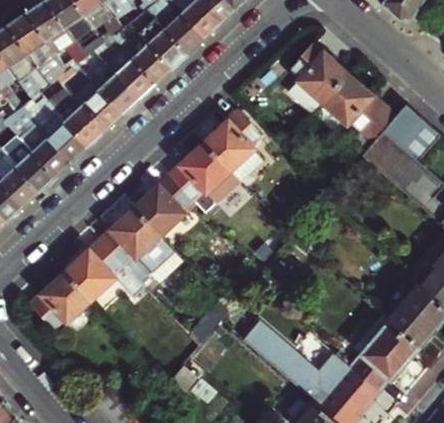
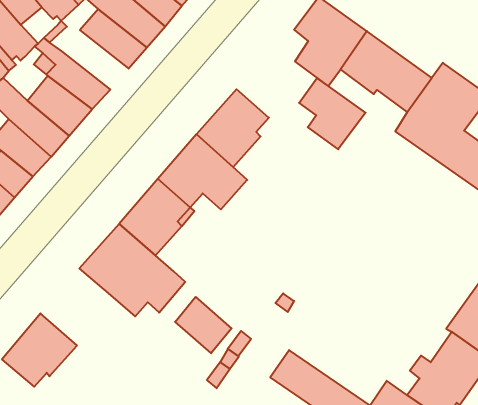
building: [103,49,155,98] -> none
building: none -> [299,78,366,149]
building: [65,238,124,299] -> none
building: none -> [175,297,232,353]

